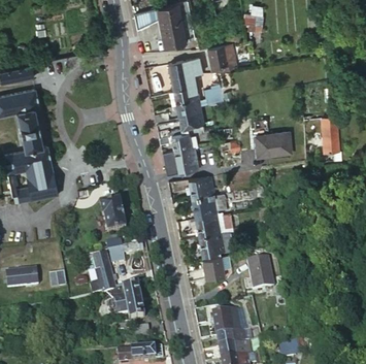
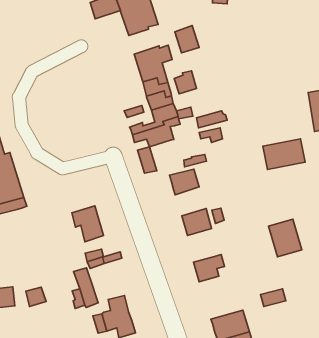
building: [257,130,294,155] -> [263,139,305,169]
building: [174,146,199,175] -> none
building: [193,192,230,217] -> none
building: [200,230,235,256] -> none
building: [247,257,275,290] -> [269,219,302,257]

